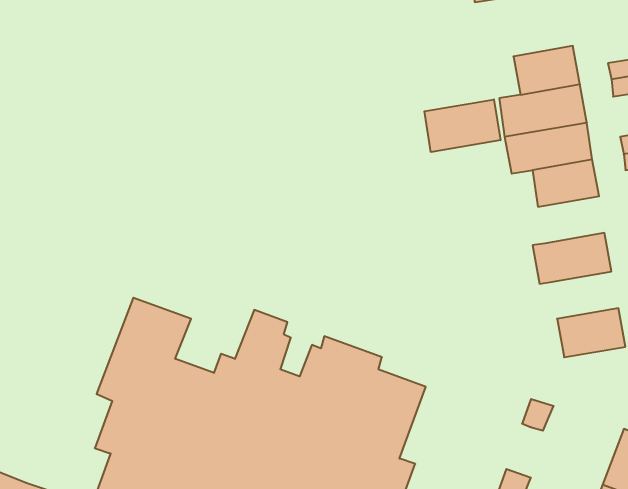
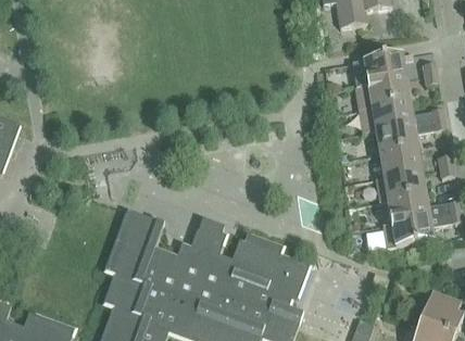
building: [424,99,500,152] -> none
building: none -> [379,146,420,175]
building: none -> [388,192,429,222]

